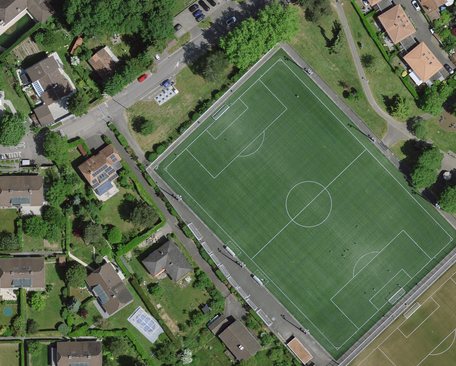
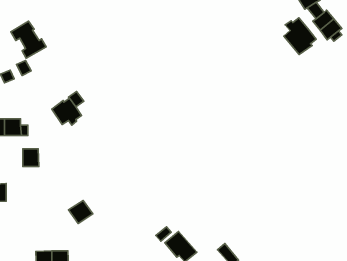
building: [88,49,118,80] -> none
building: none -> [284,18,316,54]
building: [142,241,190,281] -> none
building: [21,261,41,283] -> [23,149,39,166]
building: [88,265,117,294] -> none

